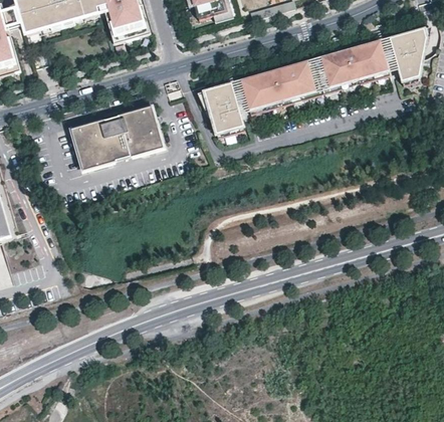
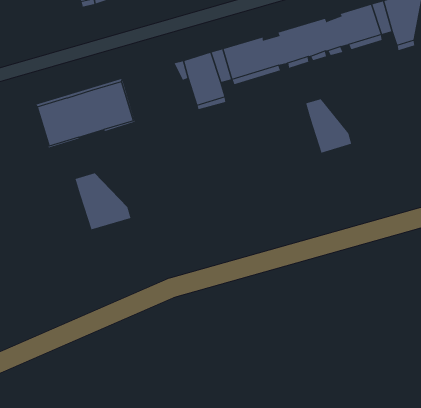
building: none -> [305,98,352,153]
building: none -> [75,173,131,230]

